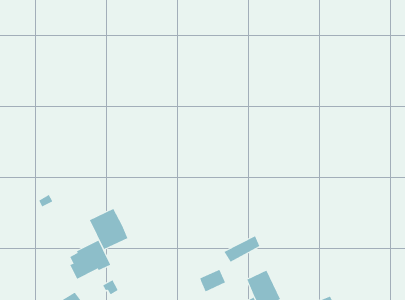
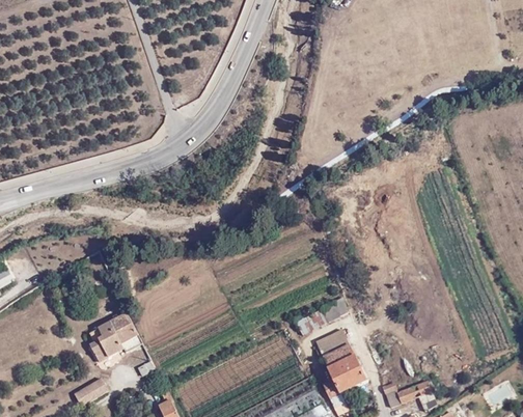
building: [89,208,128,250] -> none
building: [200,269,226,292] -> [312,329,346,358]

